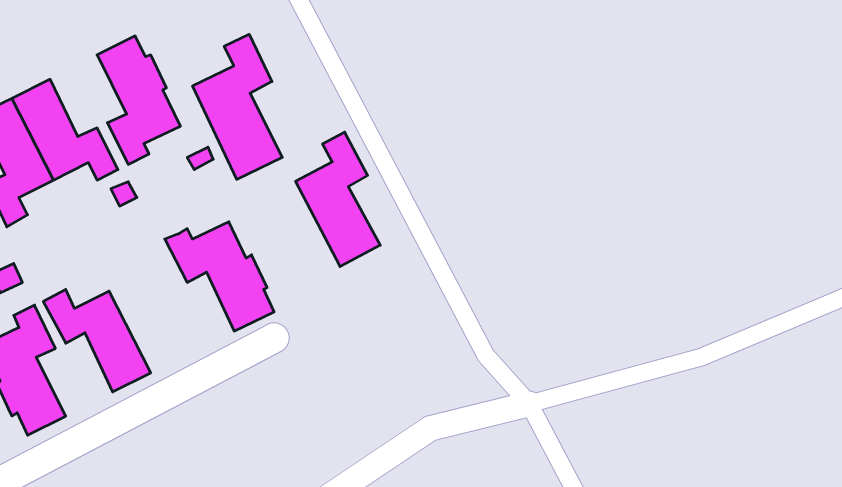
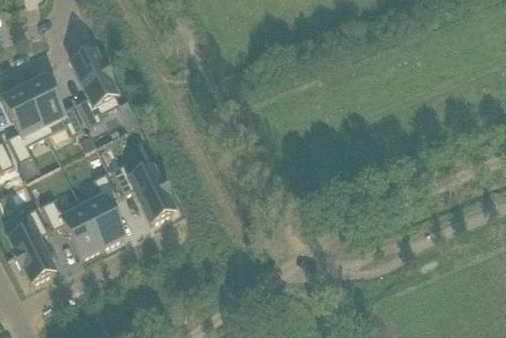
building: [193,34,282,179] -> none
building: [296,132,380,267] -> none
building: none -> [77,170,122,244]

